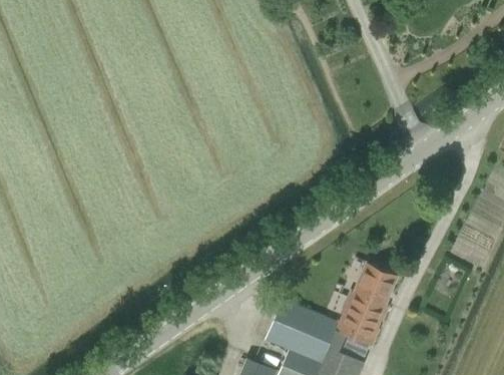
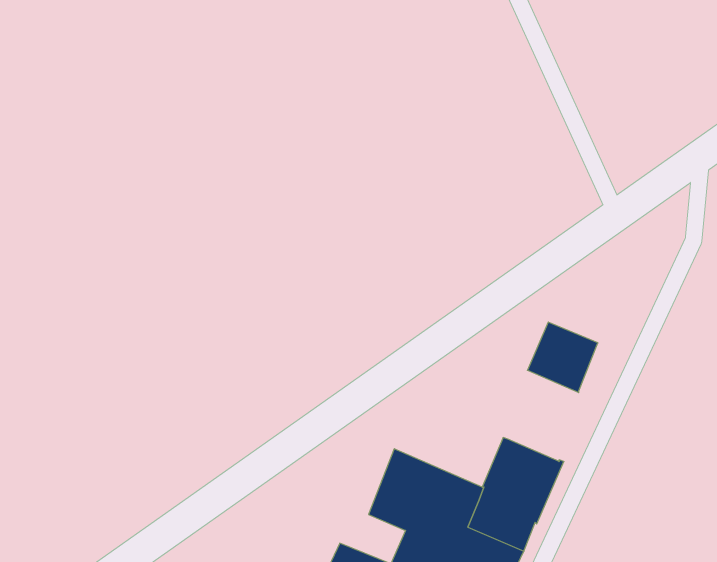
building: [354,263,398,307] -> [527,322,598,393]

